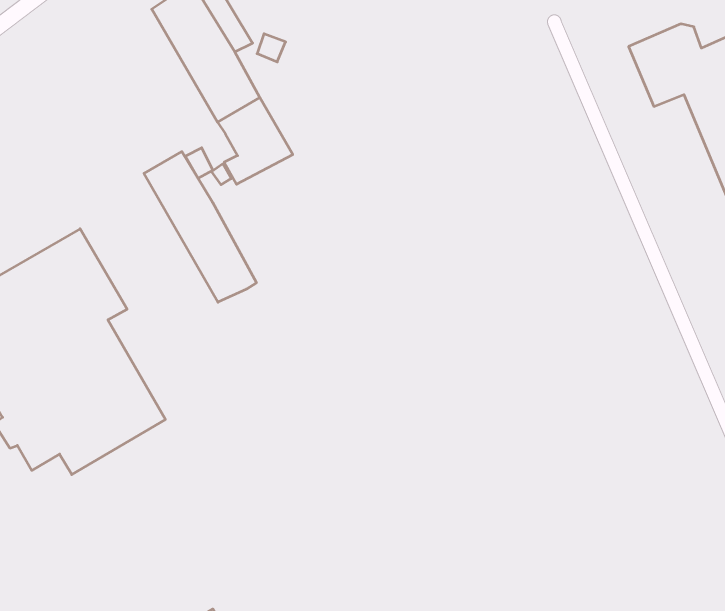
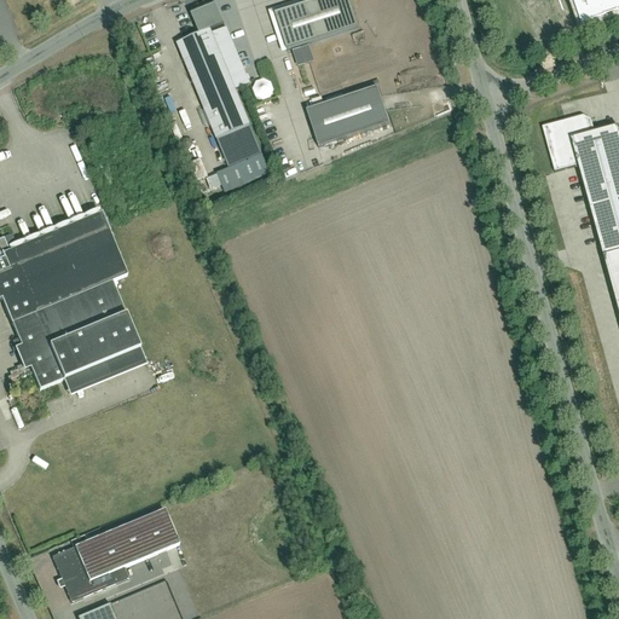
building: none -> [306,86,388,145]
building: [144,152,256,302] -> none

